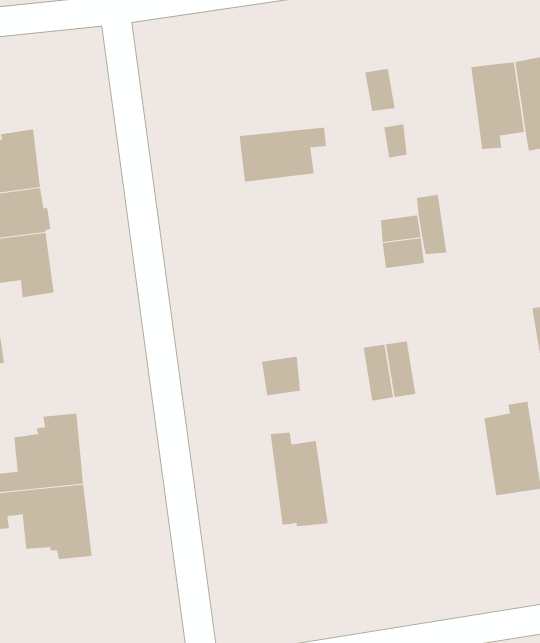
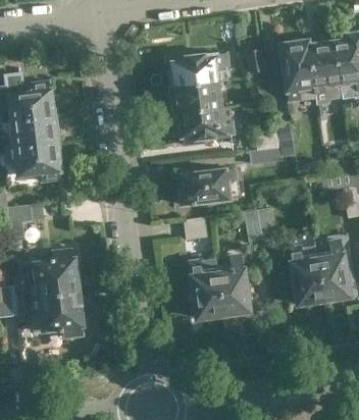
building: none -> [281,42,314,103]
building: none -> [170,53,229,87]
building: none -> [174,108,233,144]
building: none -> [181,170,236,205]
building: none -> [290,249,323,304]
building: none -> [217,256,250,316]

